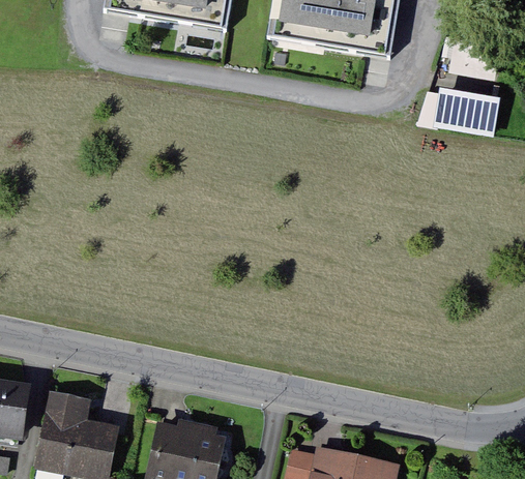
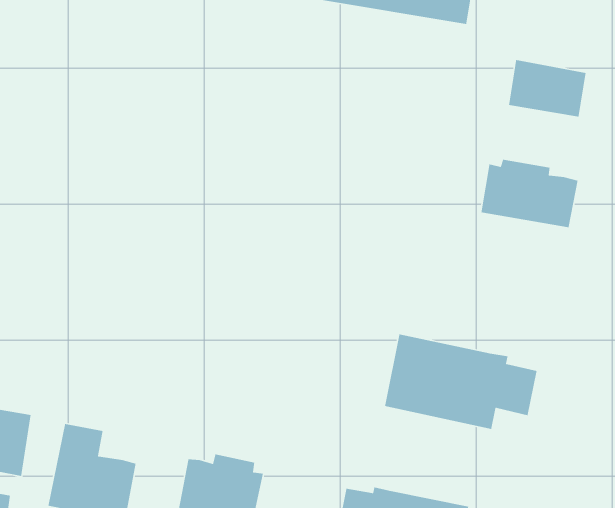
building: none -> [480,159,578,228]
building: none -> [384,333,538,430]

